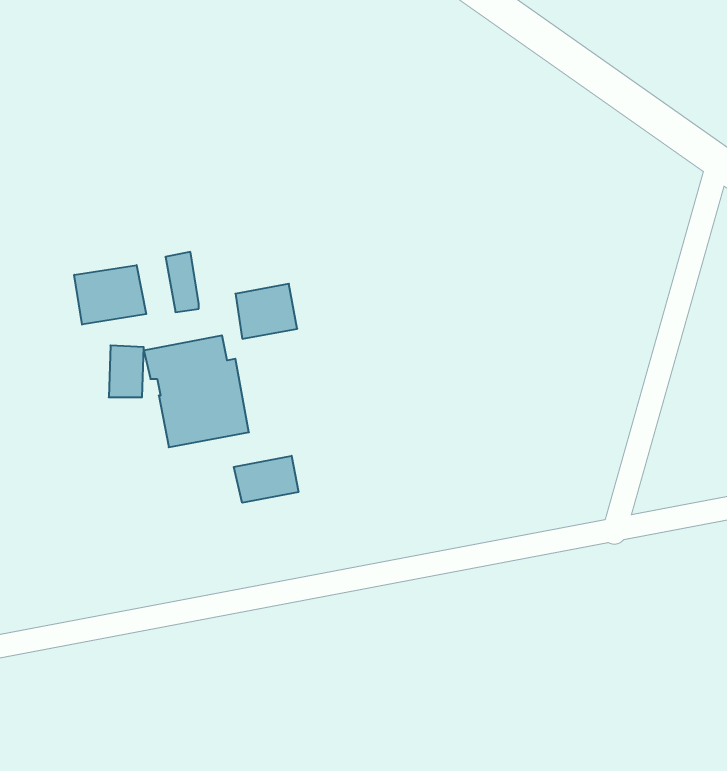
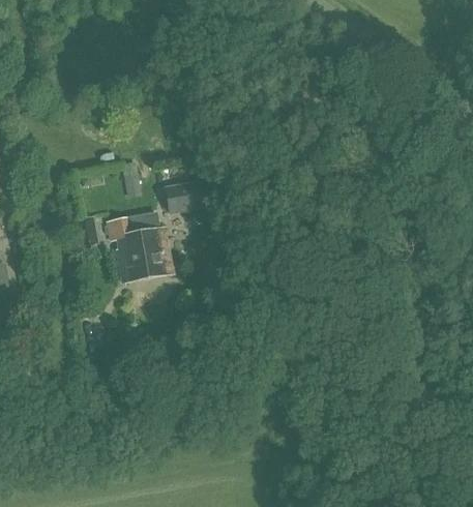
building: [74,265,146,325] -> none
building: [234,456,298,503] -> none

